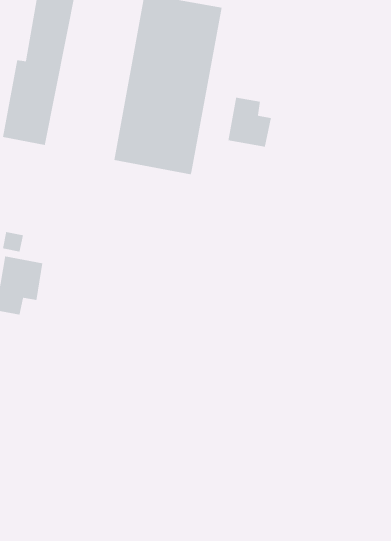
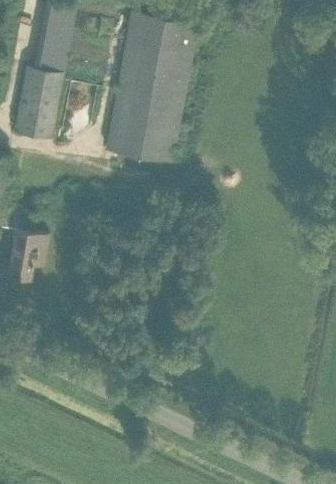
building: [228,97,271,147] -> none

